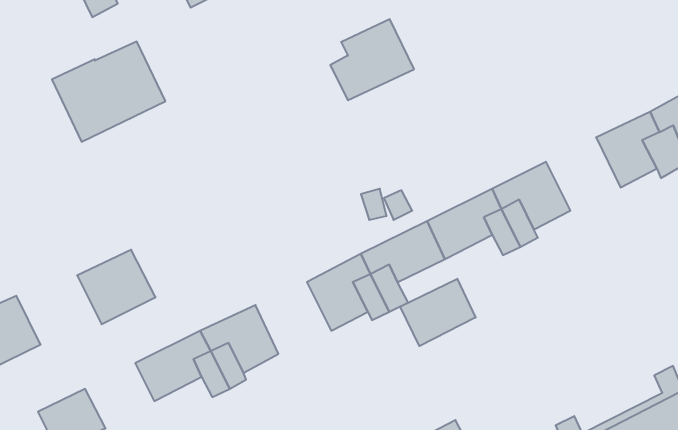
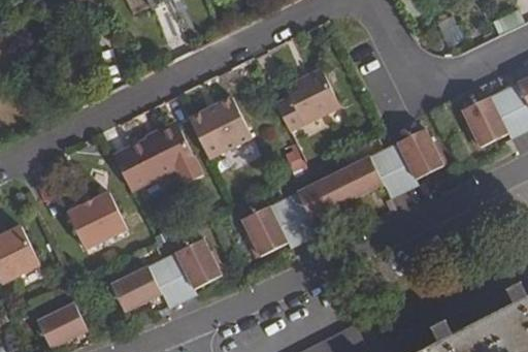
building: [330,19,414,100] -> [275,70,339,132]
building: [52,42,165,142] -> [113,127,200,203]
building: none -> [189,97,251,158]
building: [400,279,476,346] -> none

